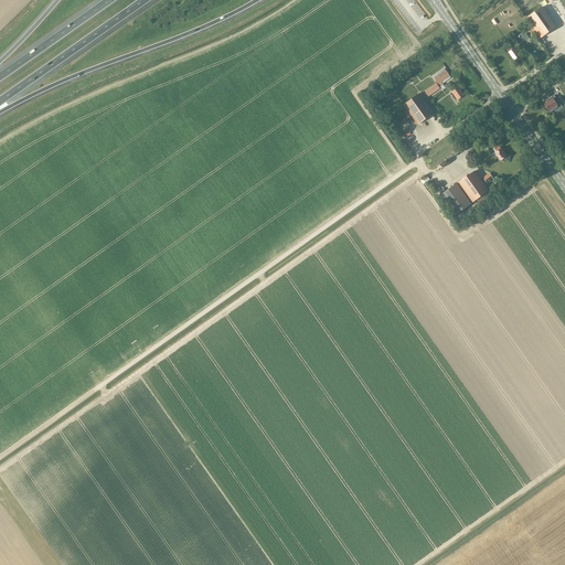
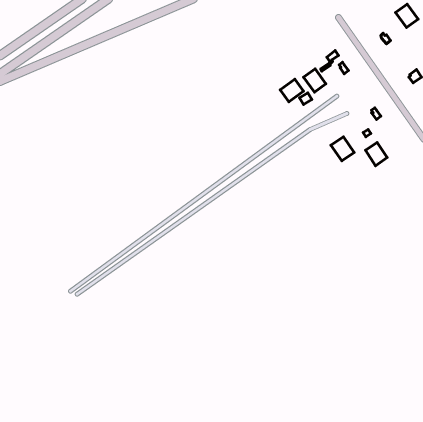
building: none -> [280,79,303,102]
building: [460,170,489,201] -> [366,143,387,166]

